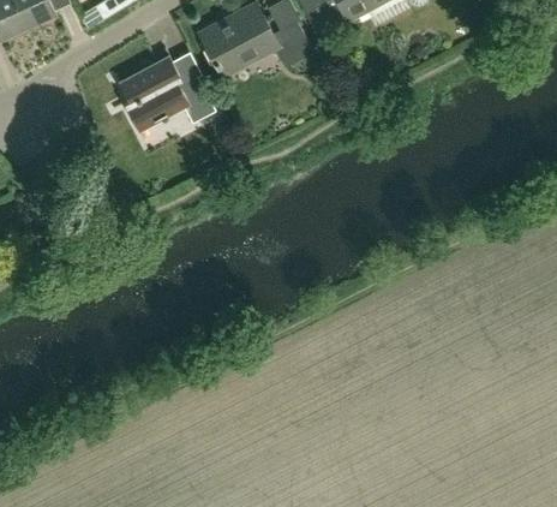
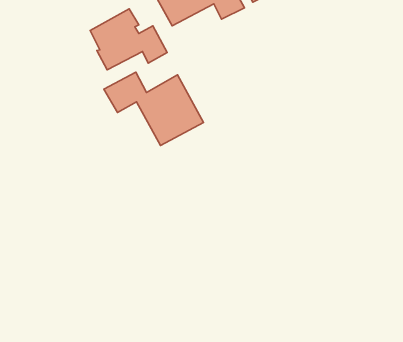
building: none -> [104,72,204,145]

